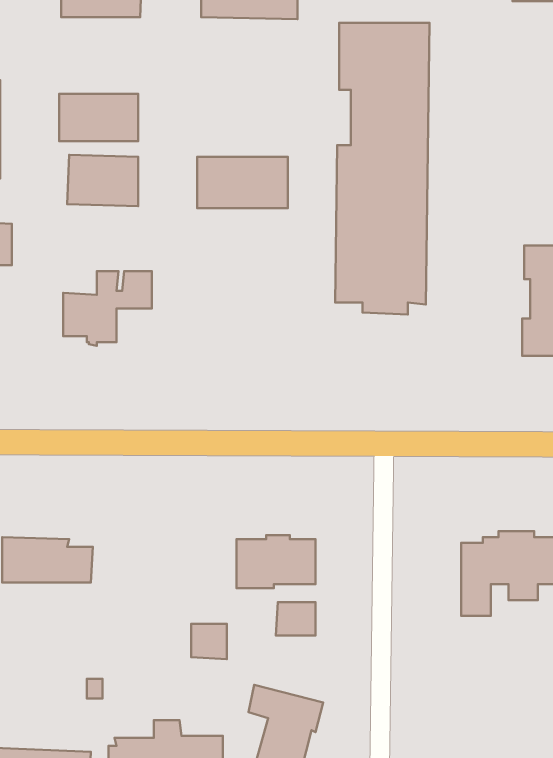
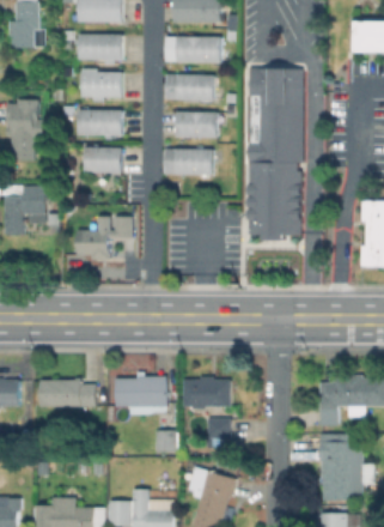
building: none -> [79,71,124,99]
building: none -> [161,73,217,102]
building: none -> [172,111,221,139]
building: none -> [116,376,169,416]
building: none -> [321,442,365,501]

